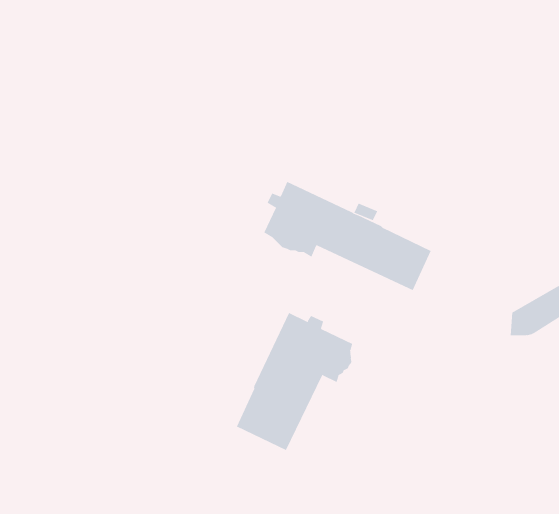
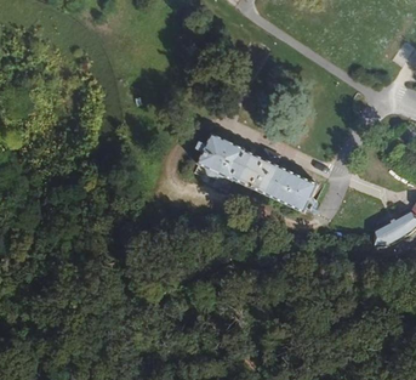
building: [236,312,353,451] -> none

